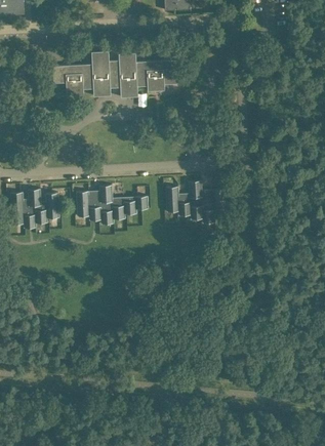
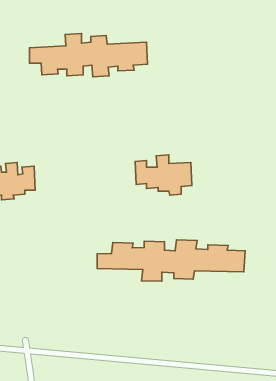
building: [75,185,148,224] -> none
building: none -> [97,240,245,281]

